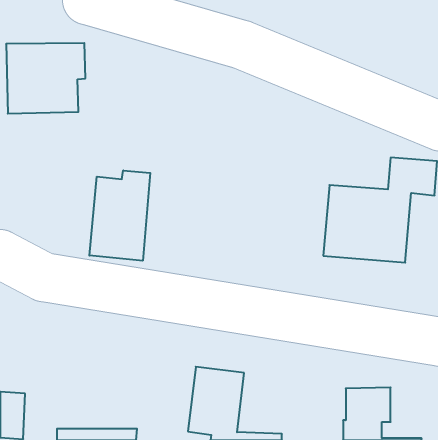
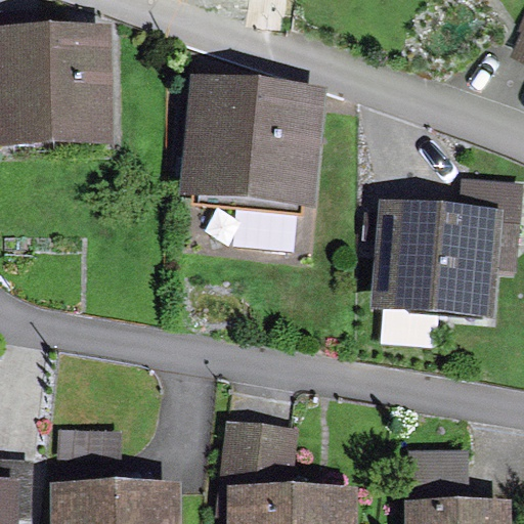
building: none -> [182,102,308,217]
building: [89,170,150,261] -> none

